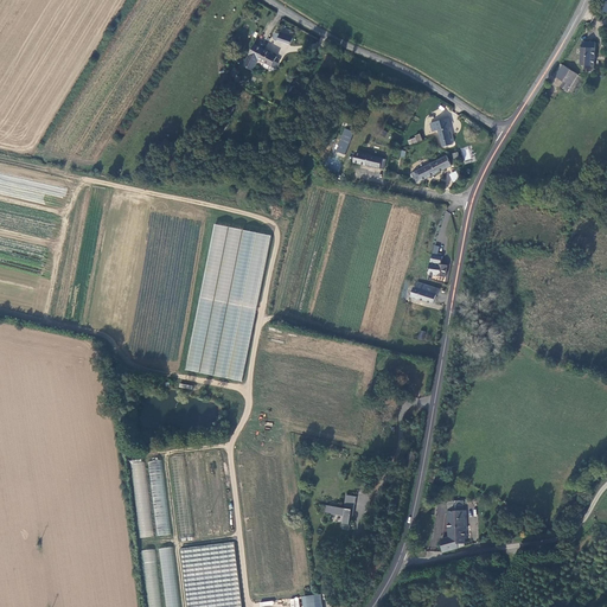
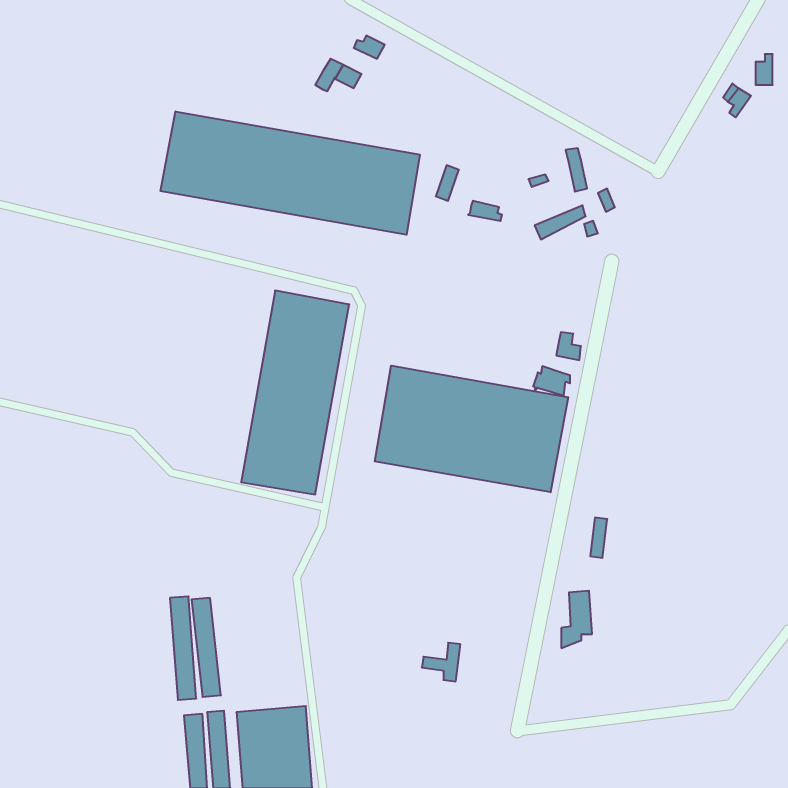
building: none -> [160,111,420,235]
building: none -> [375,366,568,492]
building: [441,510,465,554] -> [561,591,592,648]

